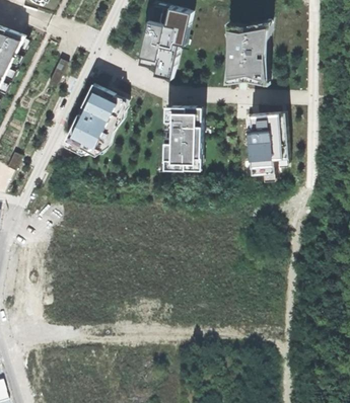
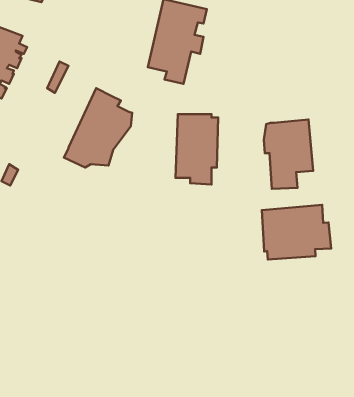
building: [224,20,270,84] -> none
building: none -> [262,205,331,260]

